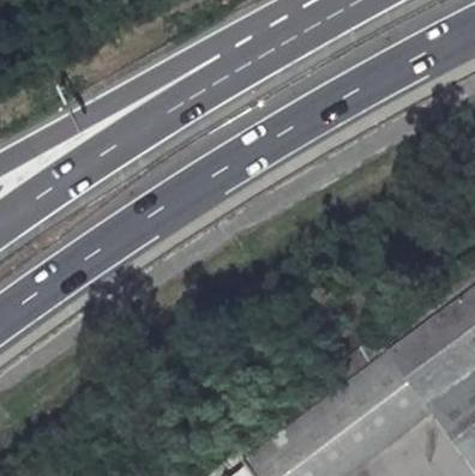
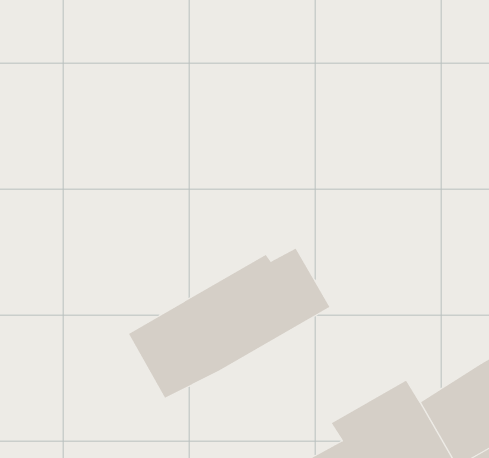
building: none -> [128,248,330,398]

